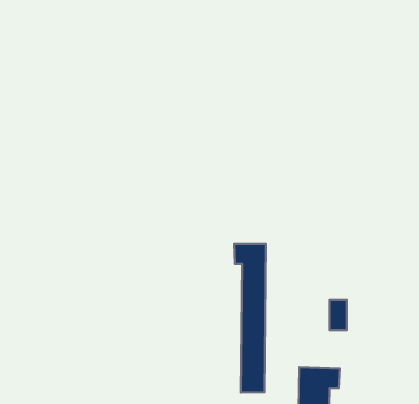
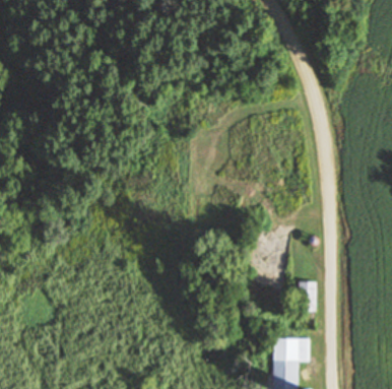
building: [234,244,266,393] -> none

